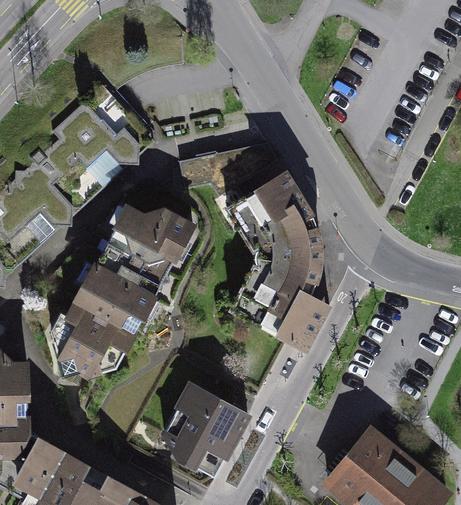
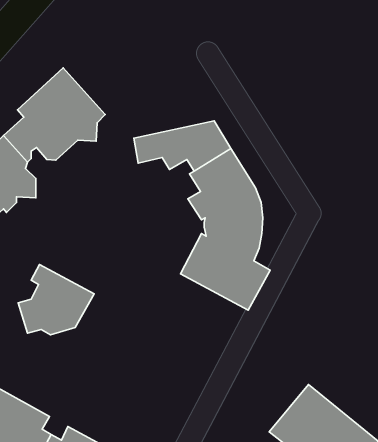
building: [77,210,194,332] -> none
building: [164,385,248,468] -> none

